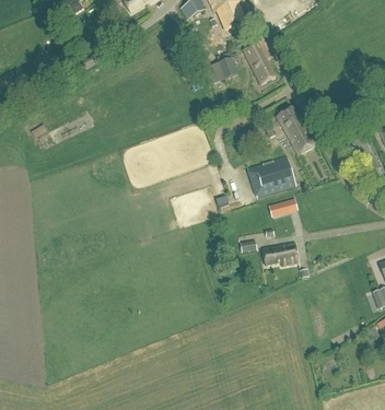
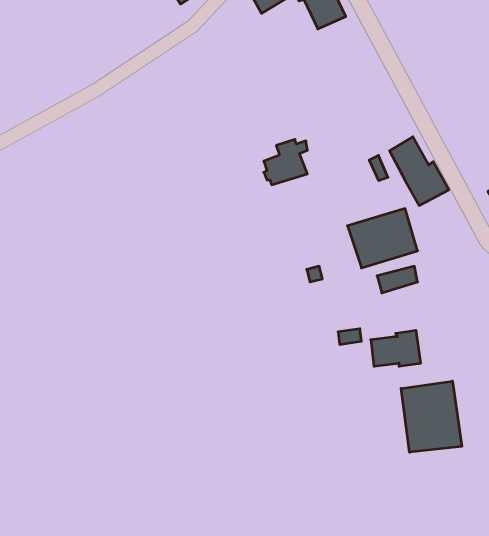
building: [243,40,276,84] -> none
building: [207,51,237,83] -> [264,139,307,185]
building: none -> [401,381,462,452]

